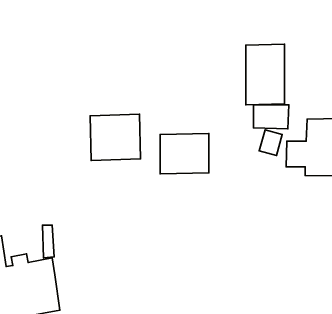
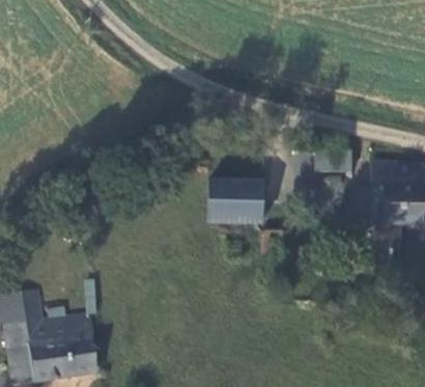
building: [246,44,285,105] -> none
building: [90,114,140,160] -> none

